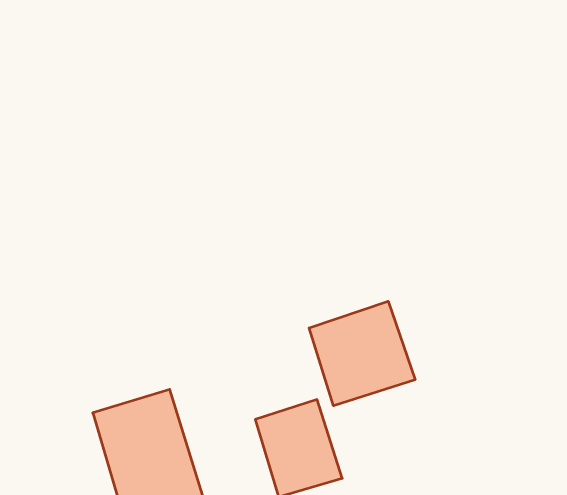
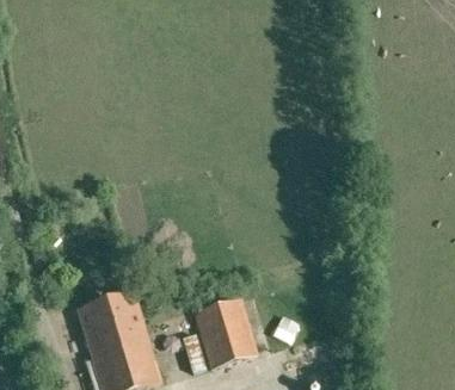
building: [309,301,415,406] -> none

